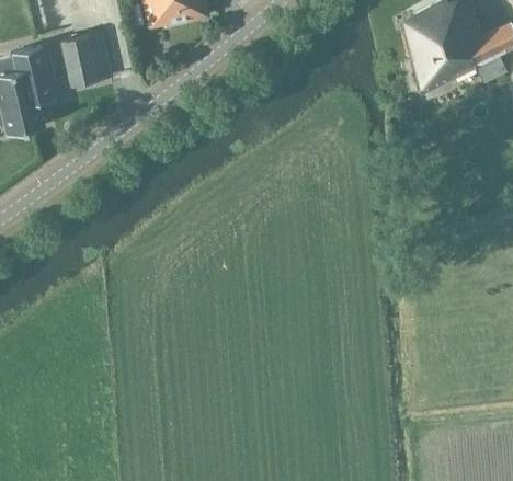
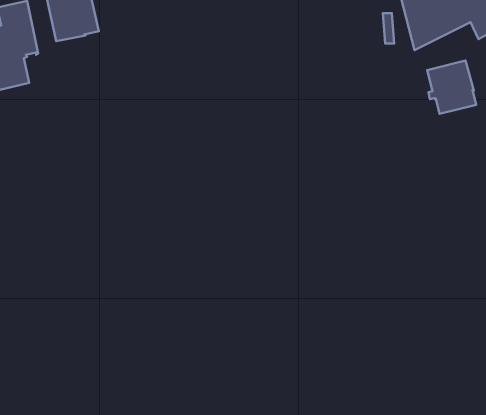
building: none -> [427,61,476,114]

